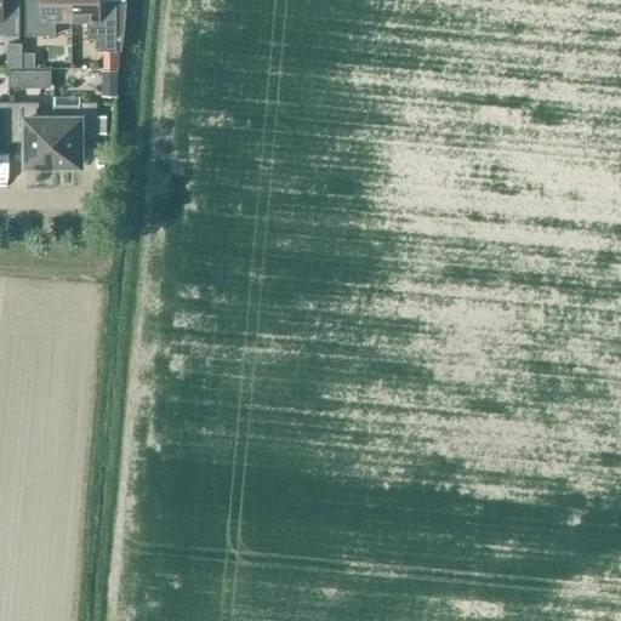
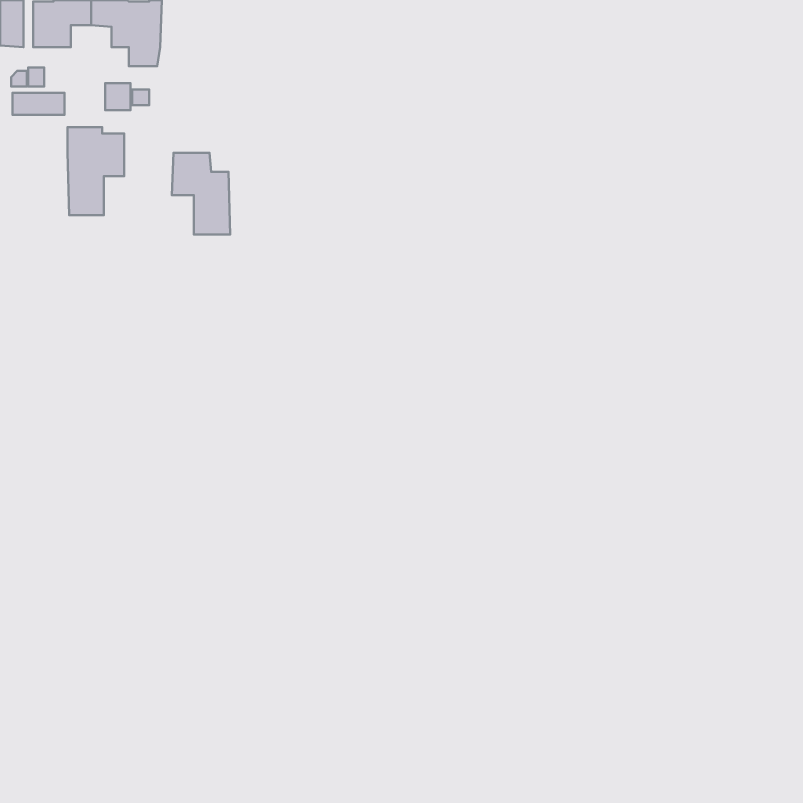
building: [8,103,53,166] -> [172,153,230,235]

